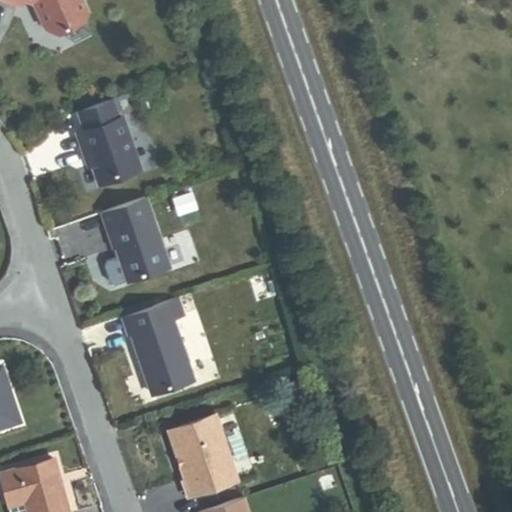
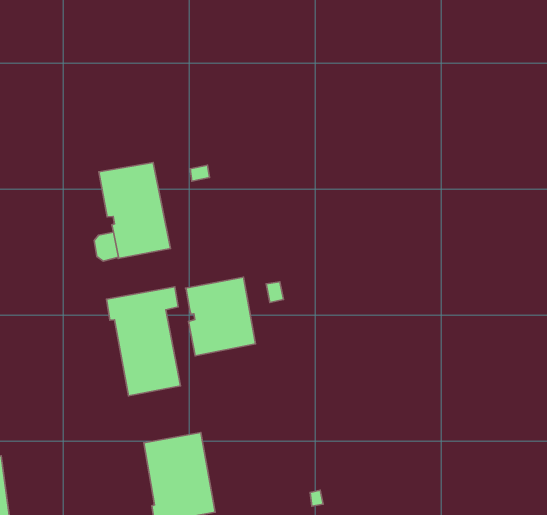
building: [77,98,141,185] -> none
building: none -> [186,277,255,356]

